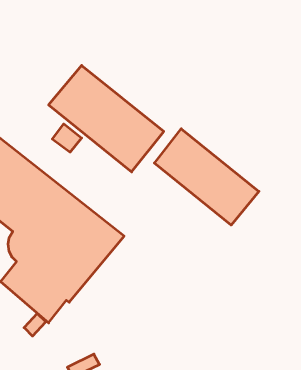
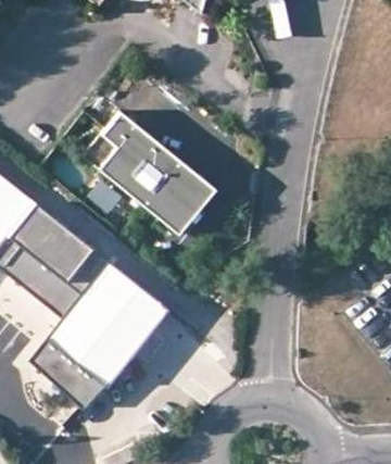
building: [154,129,259,225] -> none

